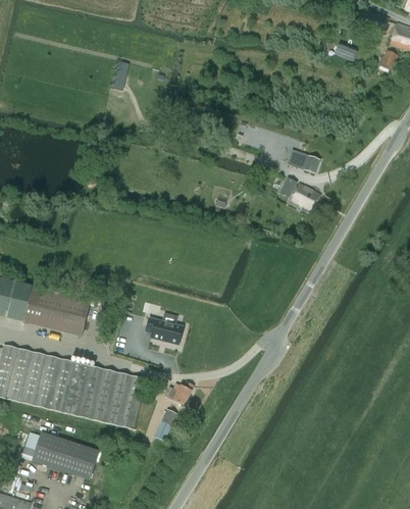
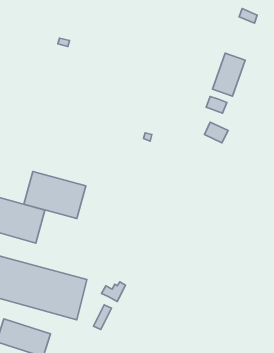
building: none -> [212,53,245,96]
building: none -> [24,172,86,218]
building: [148,312,184,340] -> none

